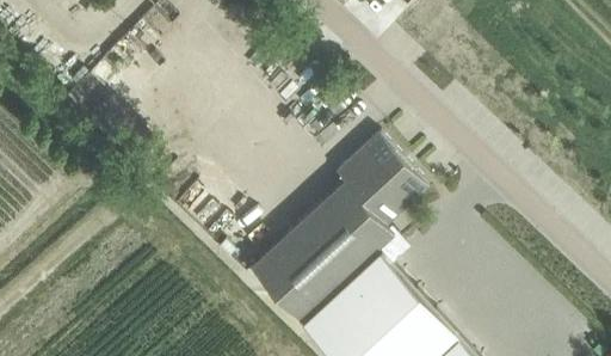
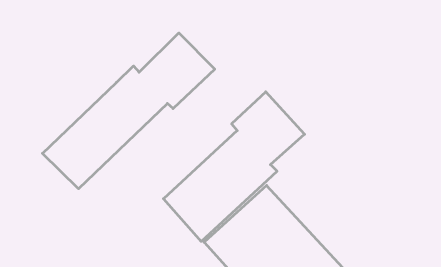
building: none -> [42,33,215,189]

